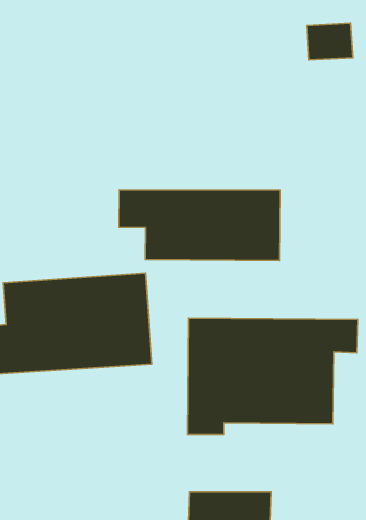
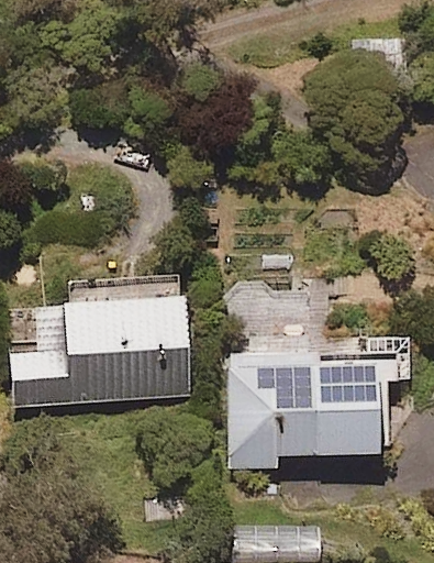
building: [119,190,280,260] -> none

